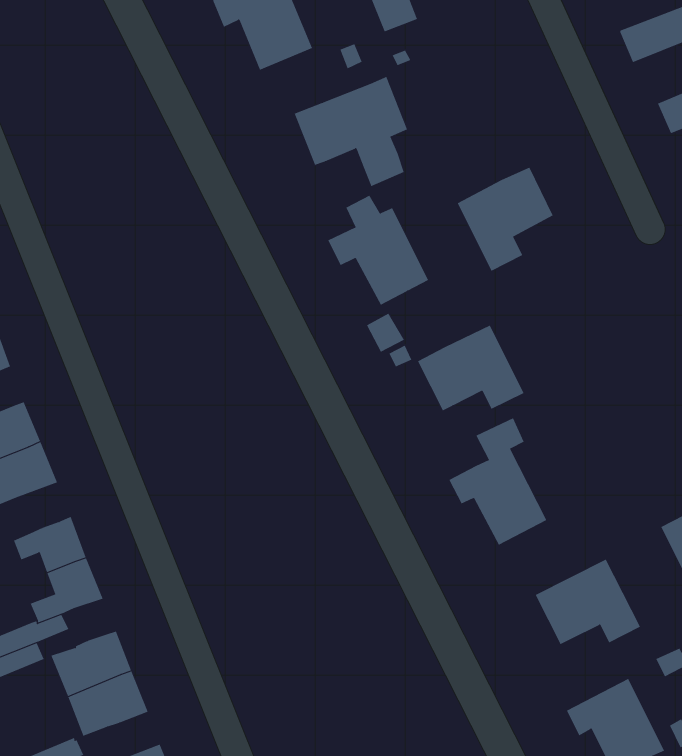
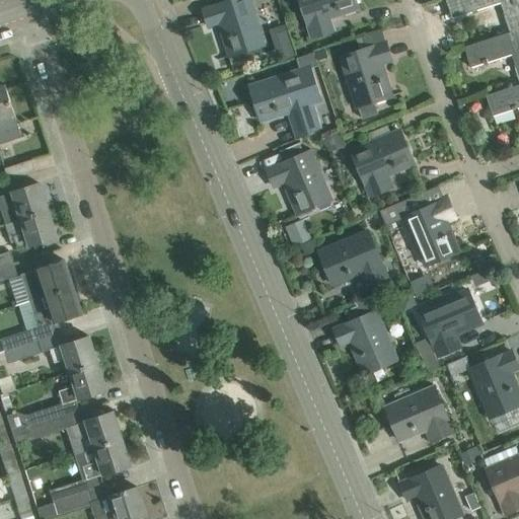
building: none -> [342,43,391,120]
building: none -> [379,194,459,266]
building: none -> [419,290,481,356]

